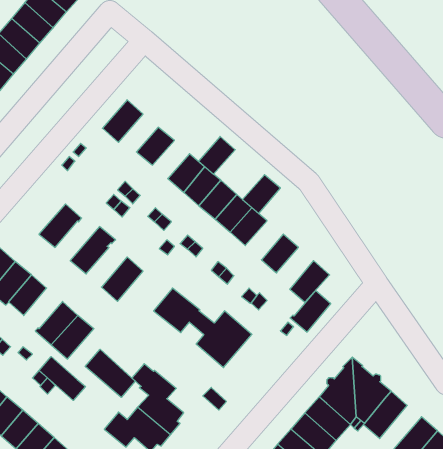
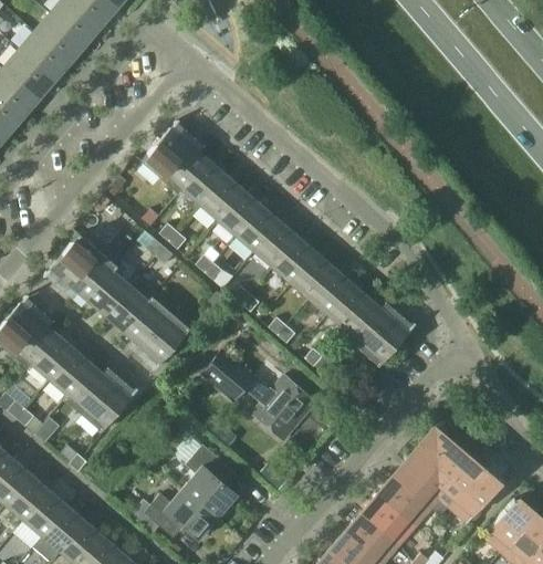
building: none -> [161,145,208,195]
building: [198,136,235,174] -> [201,176,244,220]
building: [243,175,280,214] -> [310,270,354,315]
building: none -> [50,233,100,285]
building: none -> [87,270,132,316]
building: none -> [124,295,171,347]
building: none -> [51,348,96,396]
building: [290,290,331,332] -> [342,301,389,349]
building: [85,349,135,397] -> none
building: [39,357,85,400] -> none

